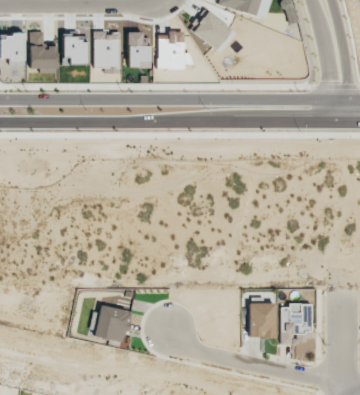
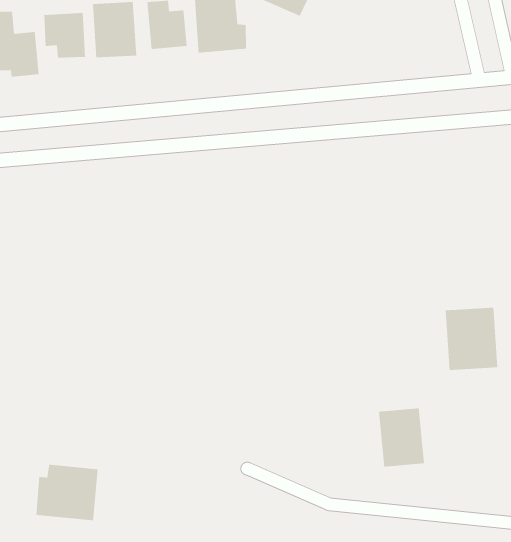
building: [281,304,313,343] -> [445,307,498,371]
building: [91,305,133,343] -> [36,464,99,521]

